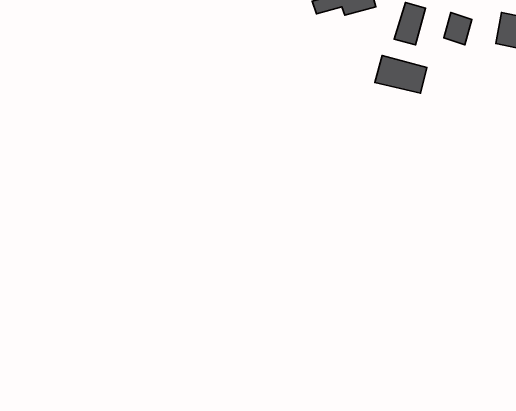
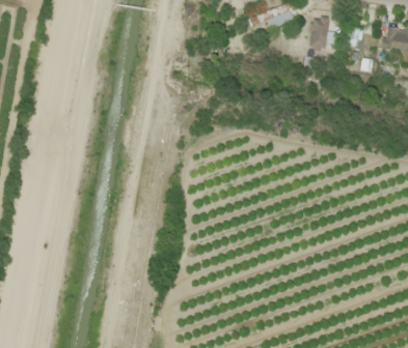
building: [375,55,427,93] -> none

